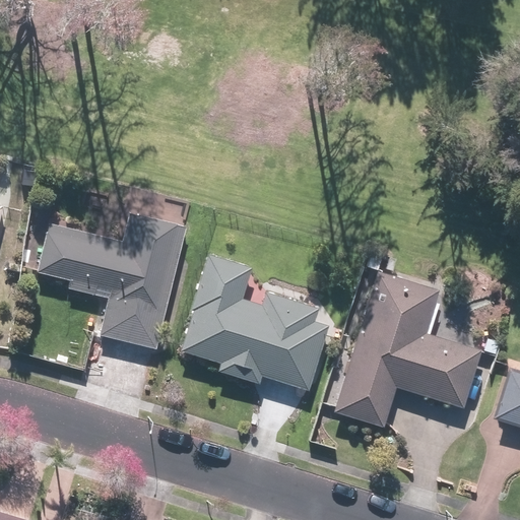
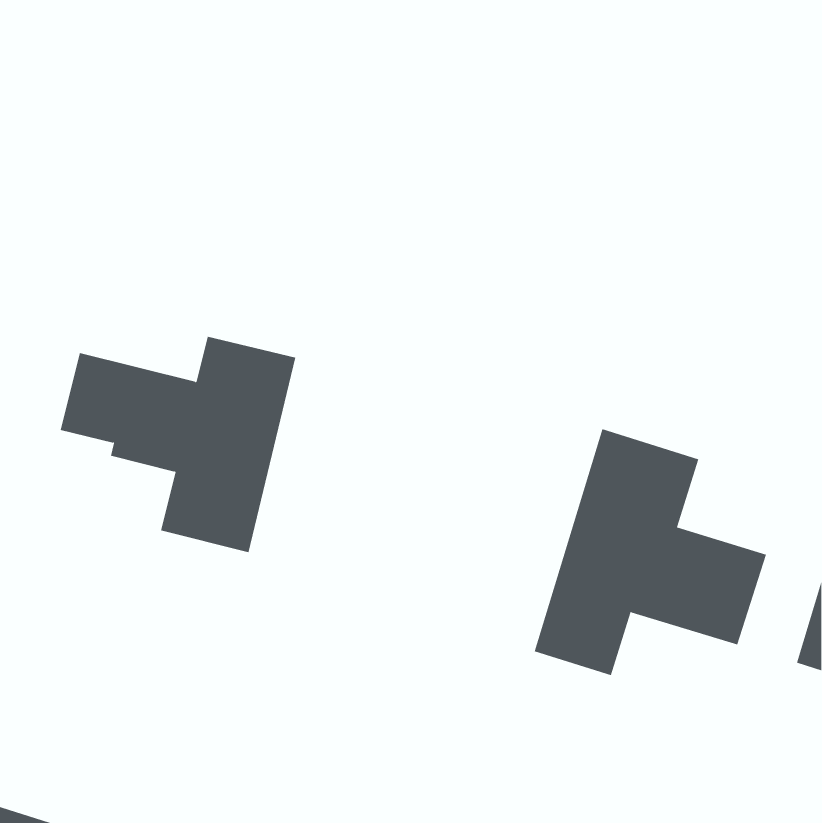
building: [182,254,329,390] -> none

